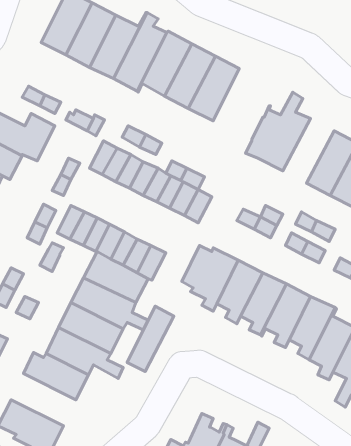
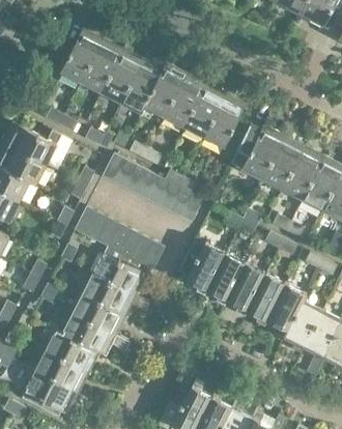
building: none -> [204,93,247,152]
building: none -> [262,135,305,189]
building: [127,306,174,371] -> none
building: none -> [36,347,90,391]

